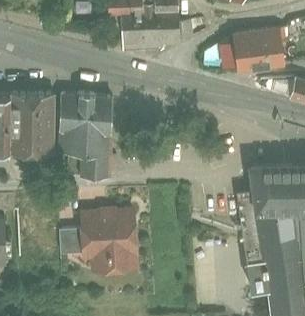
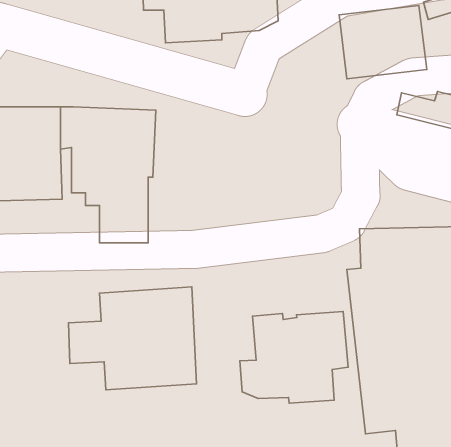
building: none -> [240,312,348,403]

